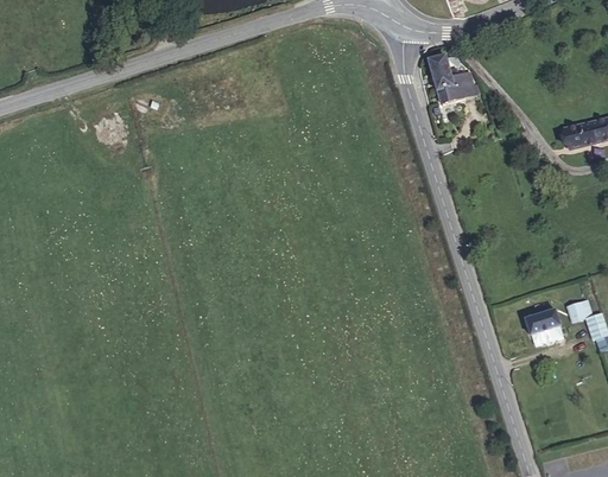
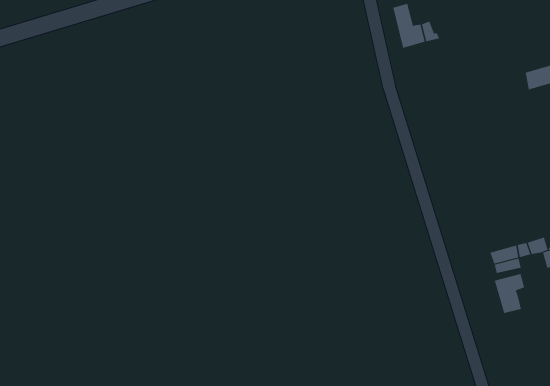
building: none -> [494,273,525,314]

